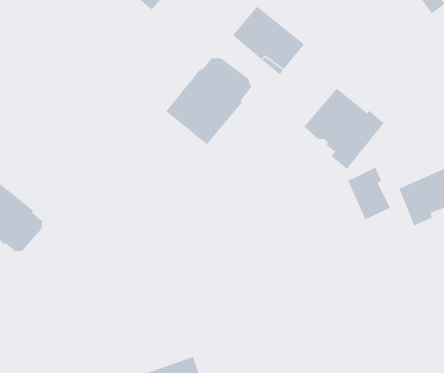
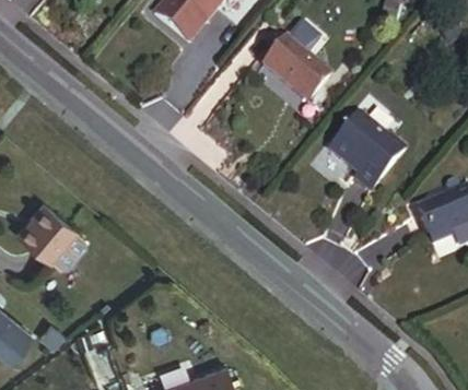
building: [165,57,251,145] -> none
building: [348,167,391,220] -> none

